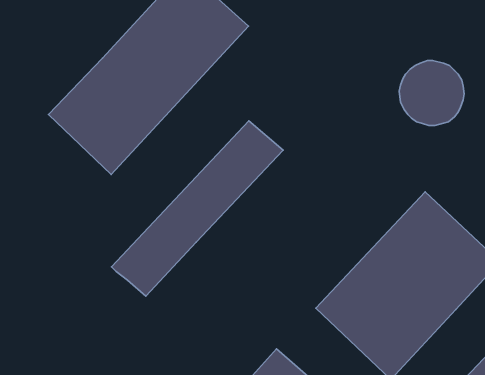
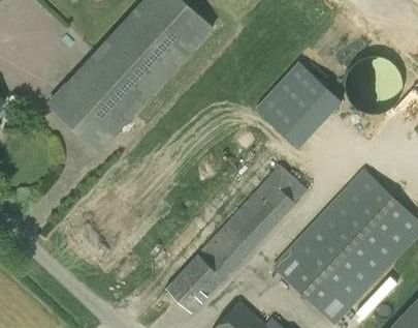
building: none -> [257,60,343,146]
building: [111,121,283,296] -> [164,165,309,312]

